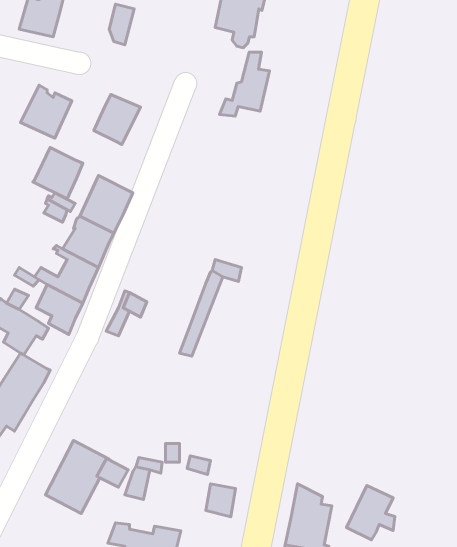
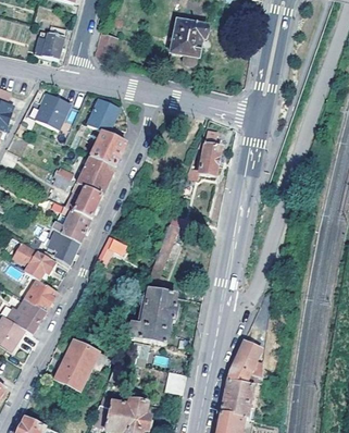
building: [220,52,269,116] -> [187,135,222,180]
building: [33,147,83,199] -> [90,132,125,168]
building: none -> [125,285,177,344]
building: [347,485,395,540] -> [229,342,263,380]

